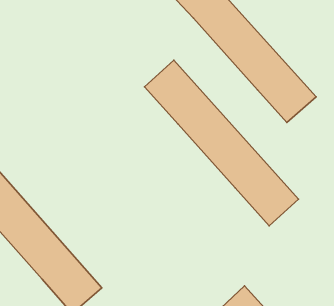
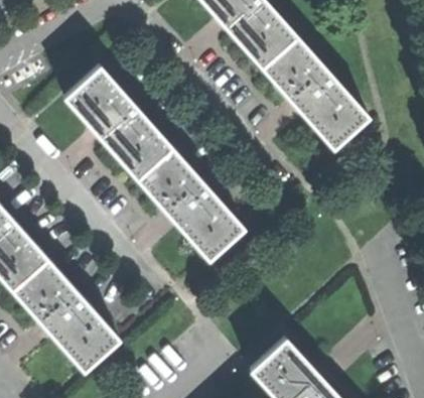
building: [144,60,298,226] -> [65,67,245,260]

